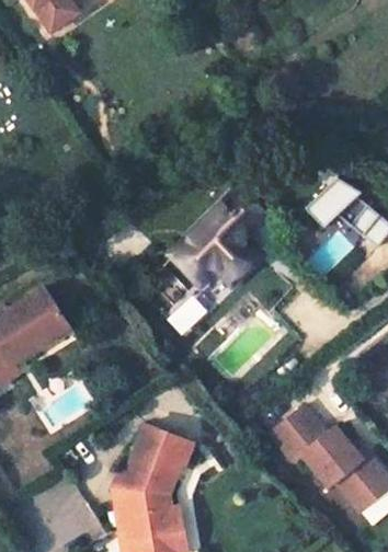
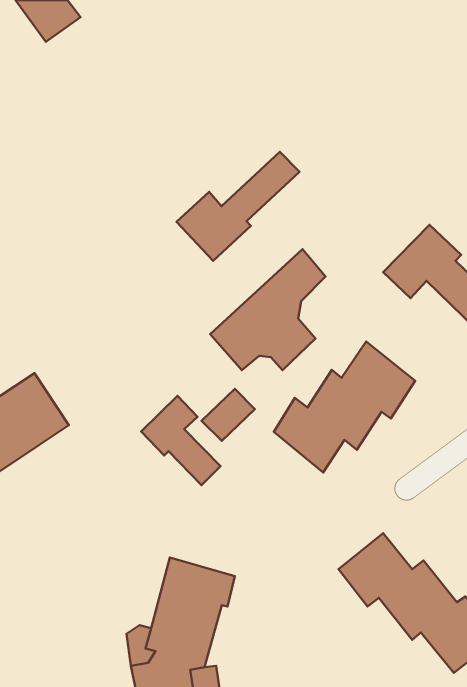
building: none -> [177,152,300,261]
building: none -> [274,342,415,472]
building: none -> [141,396,220,485]

